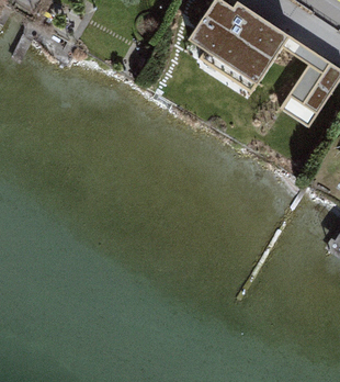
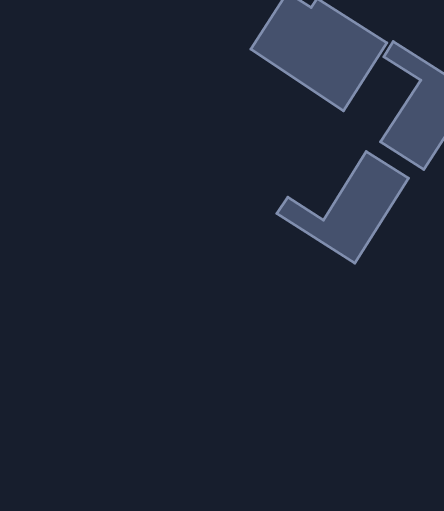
building: none -> [277,152,409,263]

